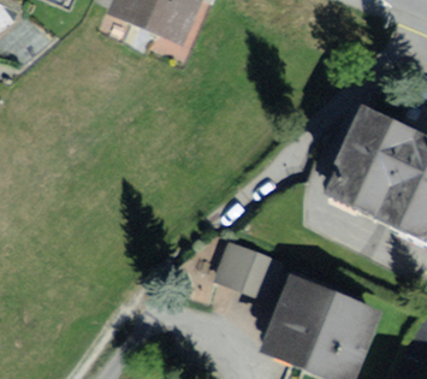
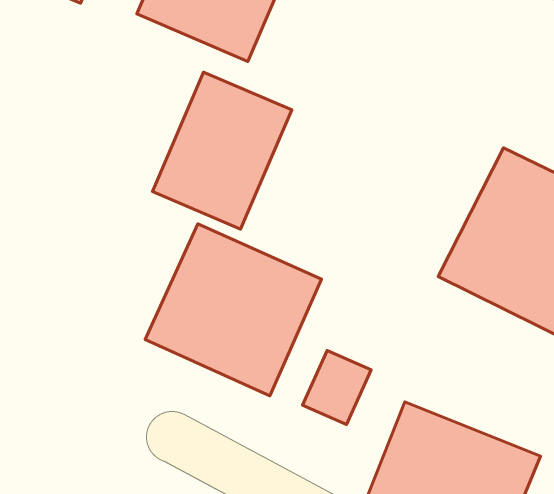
building: none -> [152,72,292,229]
building: none -> [145,224,321,396]

